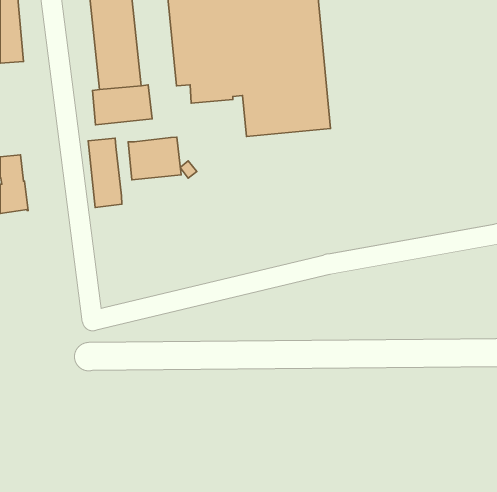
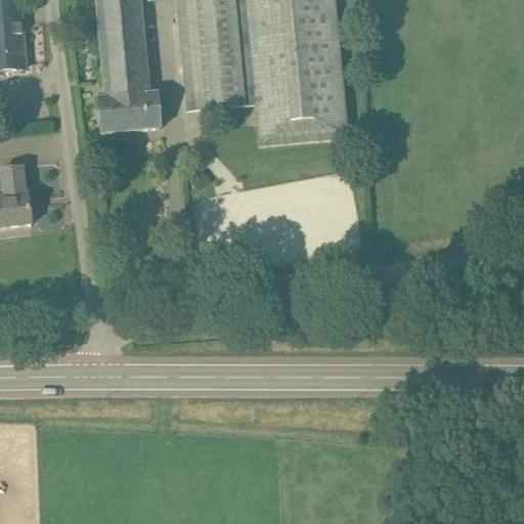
building: [128,137,181,180] -> none
building: [88,138,122,208] -> none

